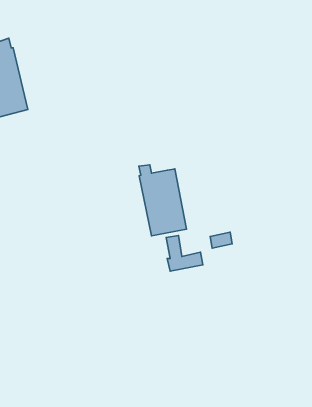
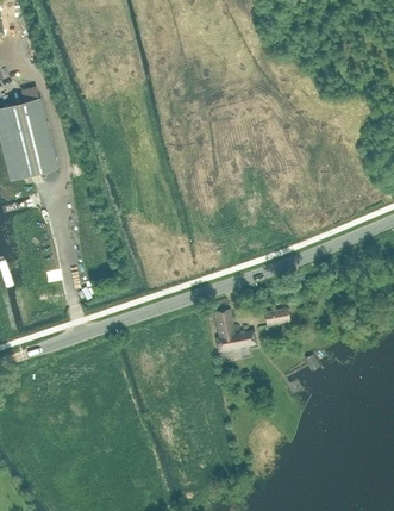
building: [139,165,186,236] -> none

